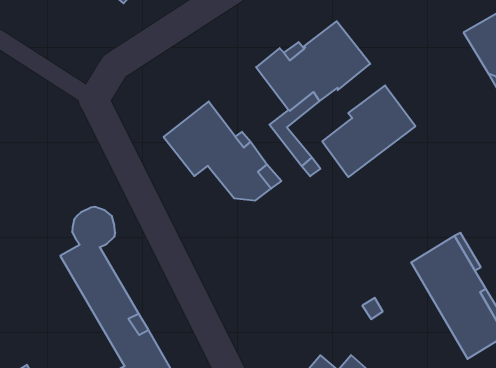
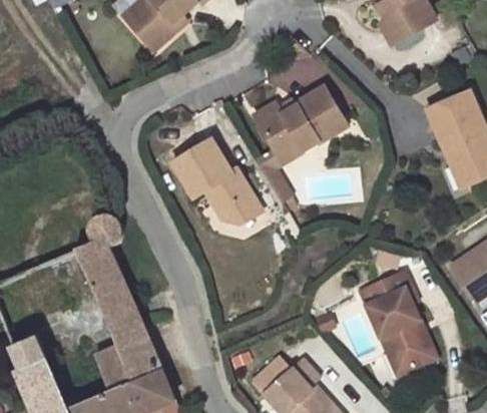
building: [322,85,415,177] -> none

